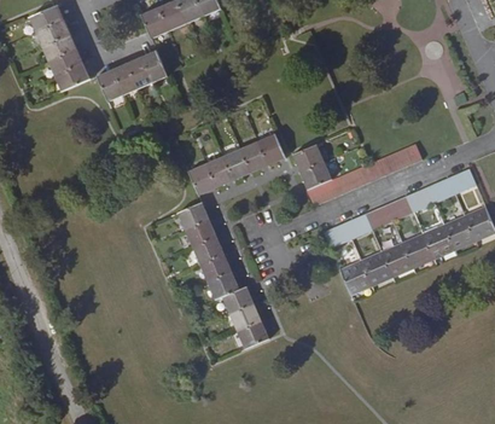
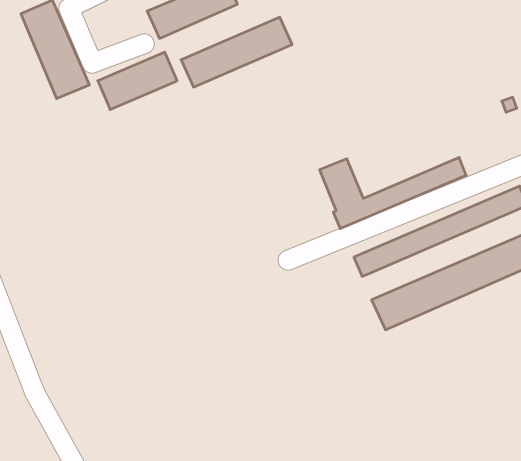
building: [187,133,285,194] -> [181,17,292,87]
building: [176,202,268,348] -> none

